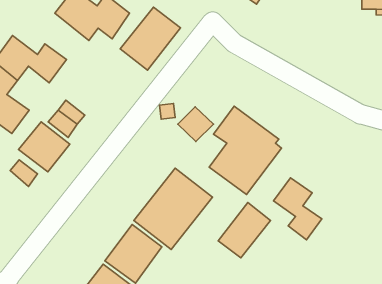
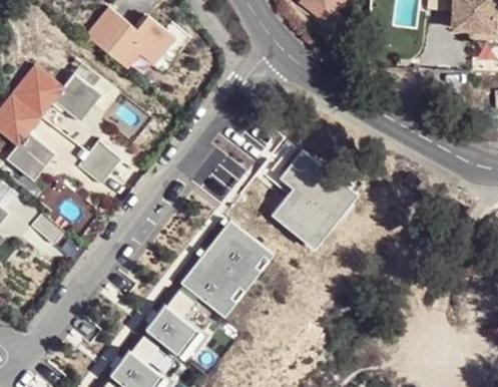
building: [120,7,180,70] -> none
building: [19,122,70,172] -> none
building: [273,178,322,240] -> none
building: [218,203,271,258] -> none

